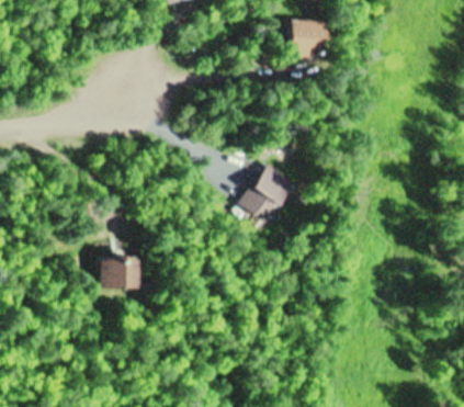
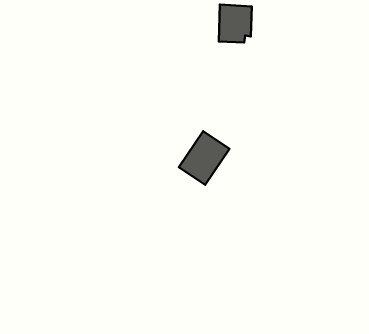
building: [100,257,142,287] -> none

